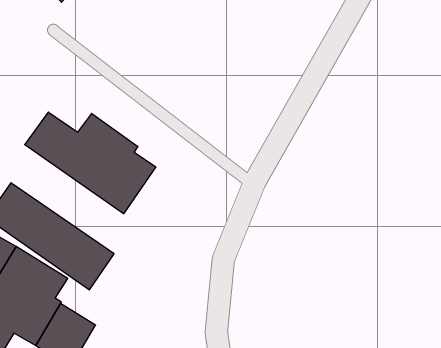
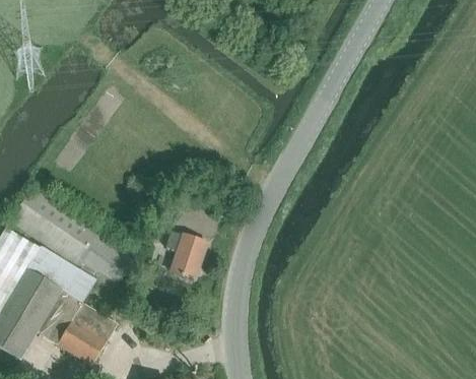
building: [25,112,156,214] -> none
building: none -> [164,234,207,281]

